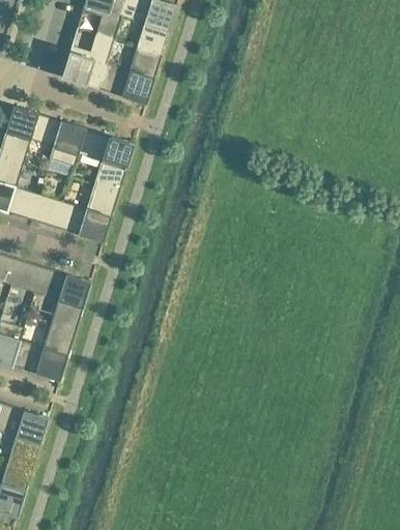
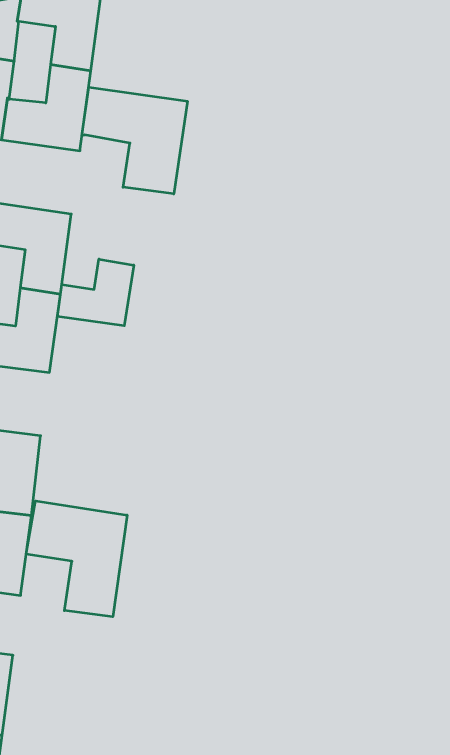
building: none -> [82,87,187,194]
building: none -> [58,259,134,326]
building: none -> [26,501,127,617]

